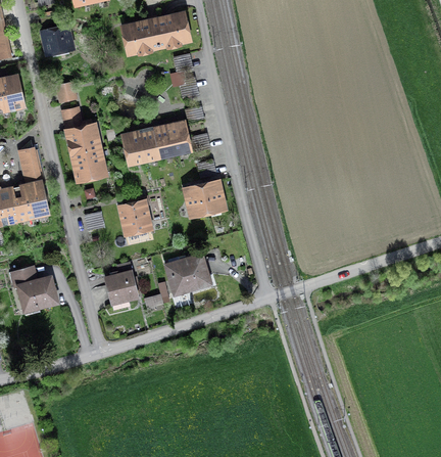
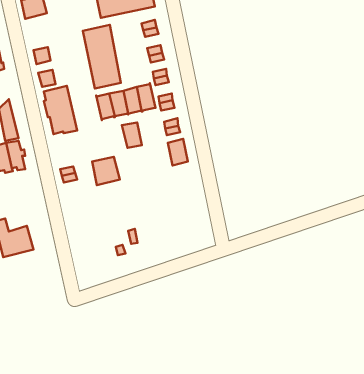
building: none -> [83,25,121,88]
building: [186,186,207,214] -> [122,122,142,148]
building: [166,254,210,293] -> none
building: [105,262,139,304] -> none

